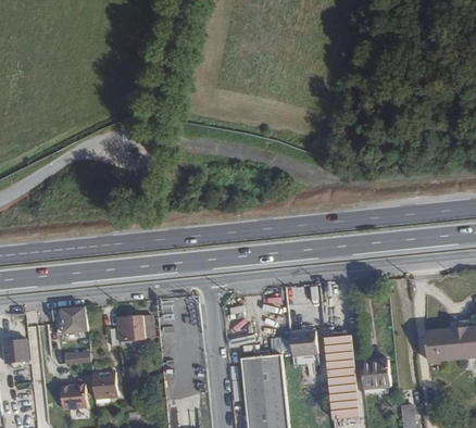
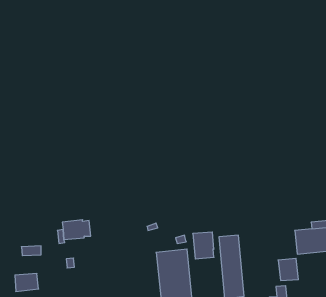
building: [54,306,87,335] -> none
building: [360,360,387,389] -> [278,258,298,280]
building: [91,372,117,399] -> none

